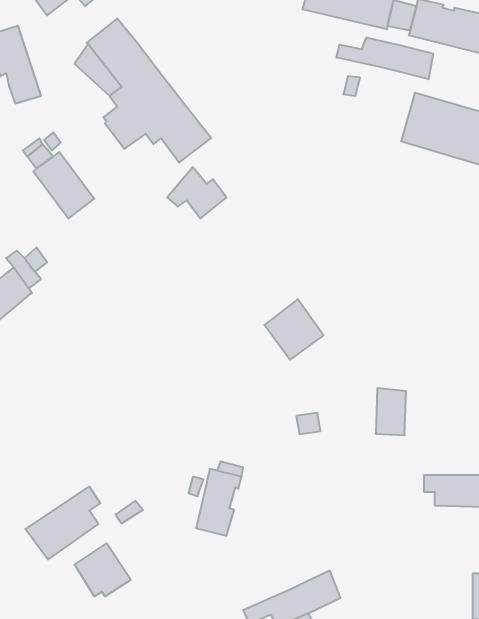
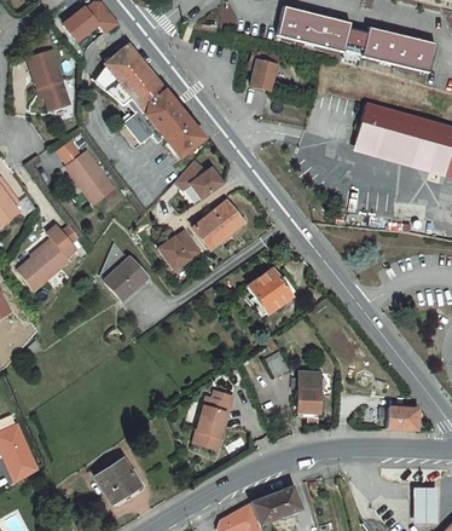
building: none -> [254,48,282,90]
building: [336,37,433,79] -> none
building: none -> [193,200,243,247]
building: none -> [158,229,202,270]
building: none -> [97,246,146,305]
building: [376,388,406,435] -> [300,377,324,415]
building: [25,487,100,560] -> none

